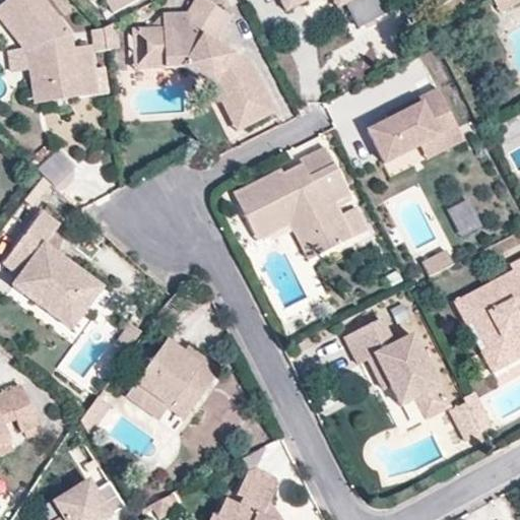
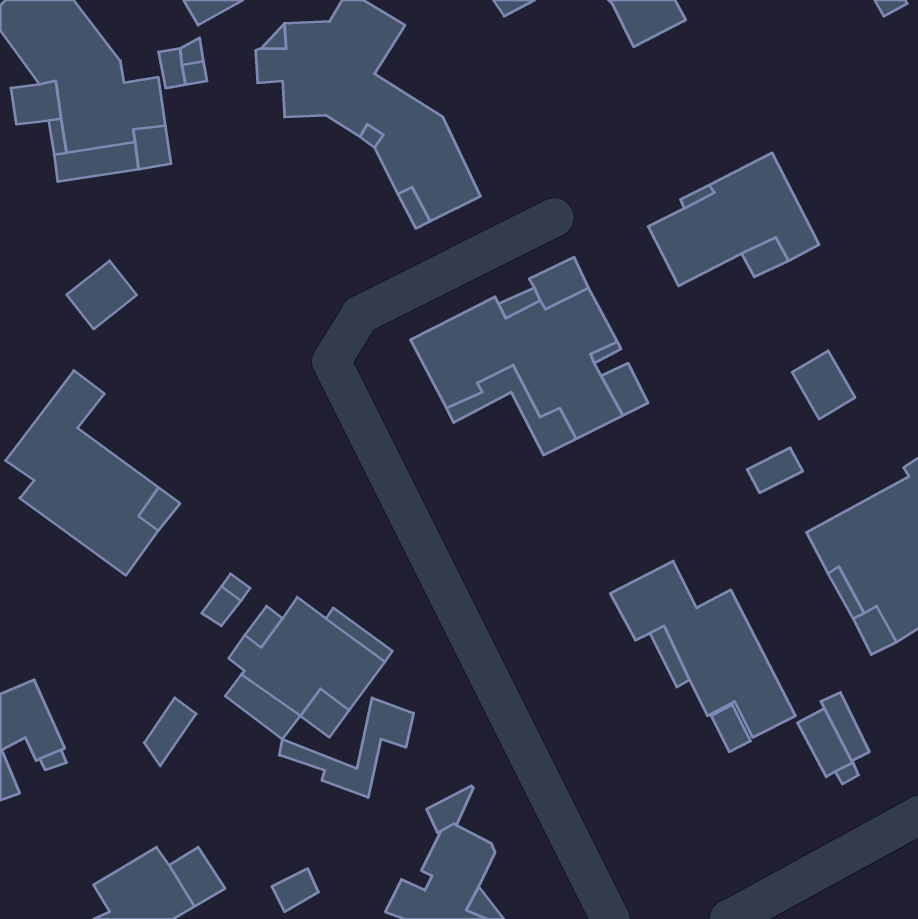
building: [132,28,161,67] -> none
building: none -> [279,698,414,798]

